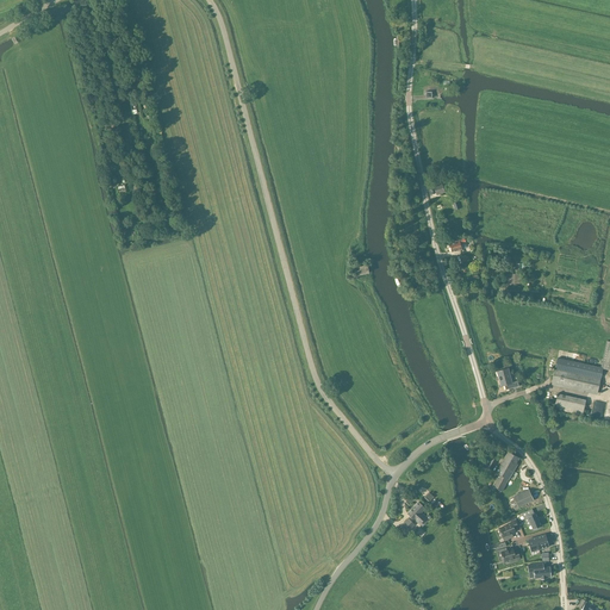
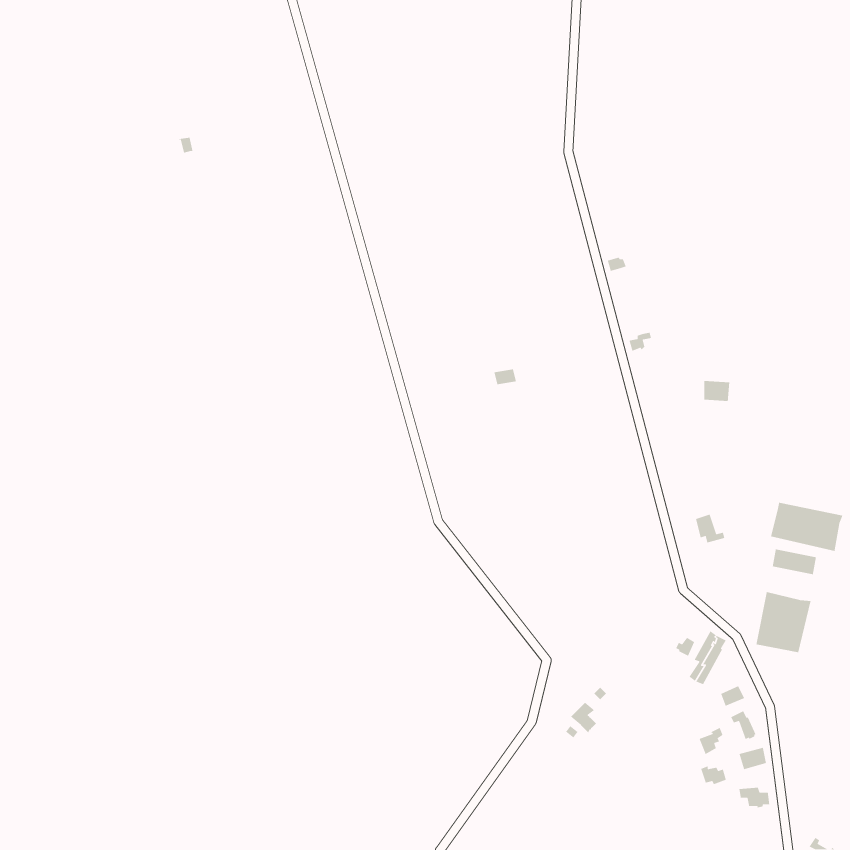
building: none -> [755,591,811,653]

